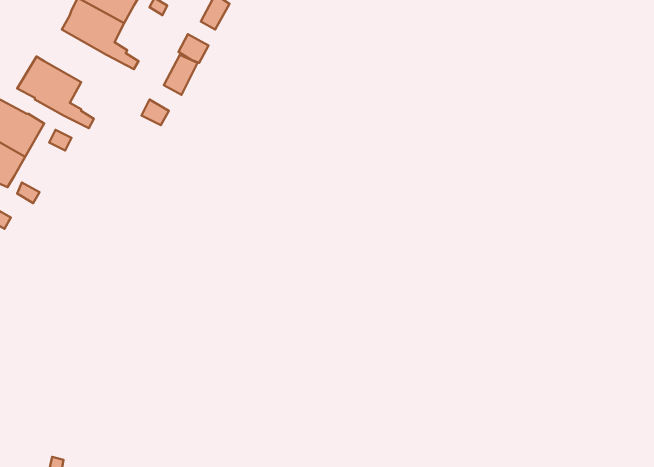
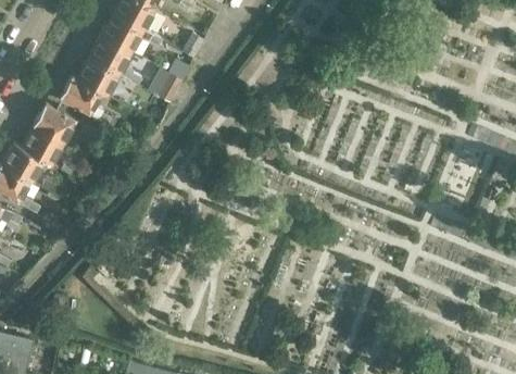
building: none -> [77,57,119,96]

